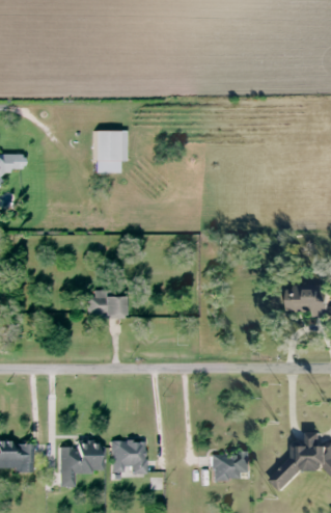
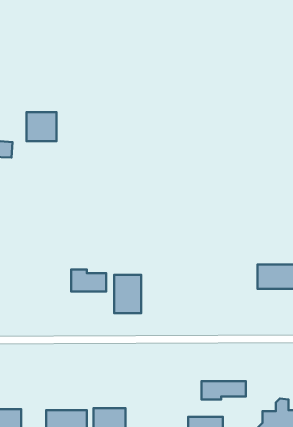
building: [95,130,128,161] -> [27,112,57,141]
building: none -> [114,275,141,313]
building: none -> [201,381,246,400]

